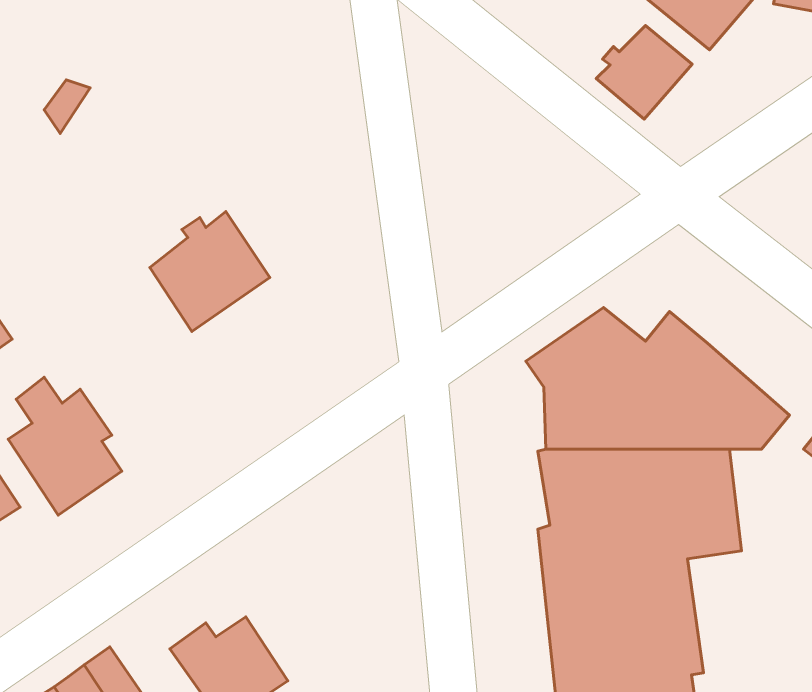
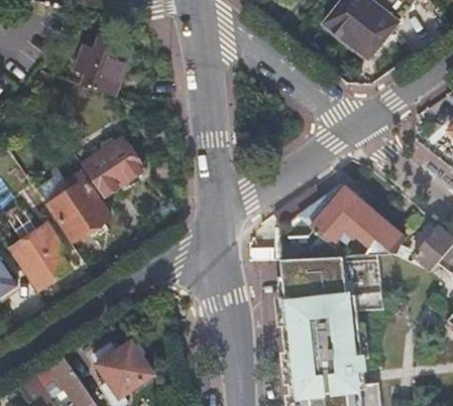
building: none -> [73,37,128,95]
building: [596,25,692,119] -> none
building: none -> [50,171,111,241]

